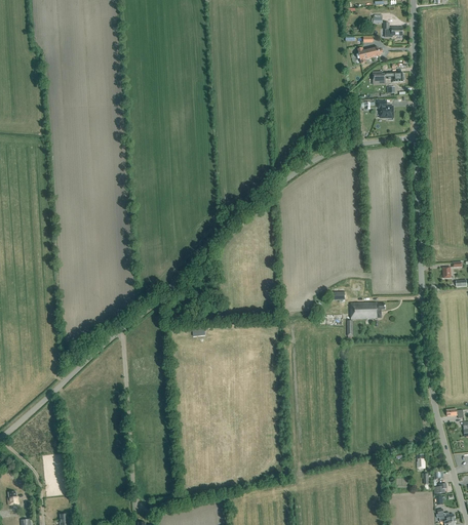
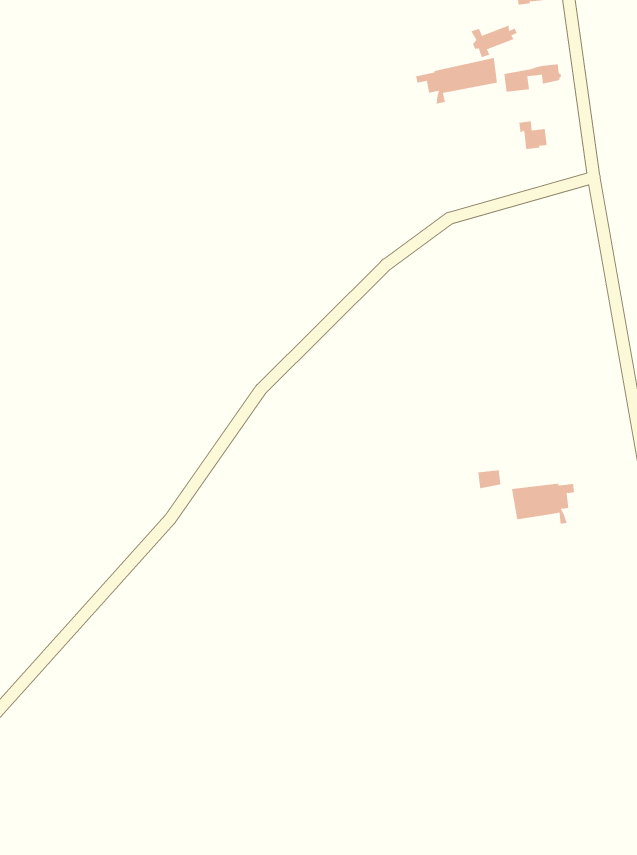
building: none -> [415,57,497,104]

